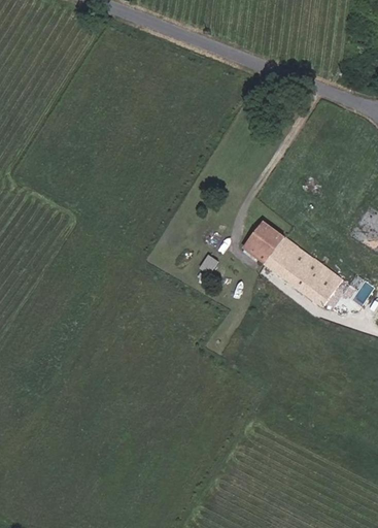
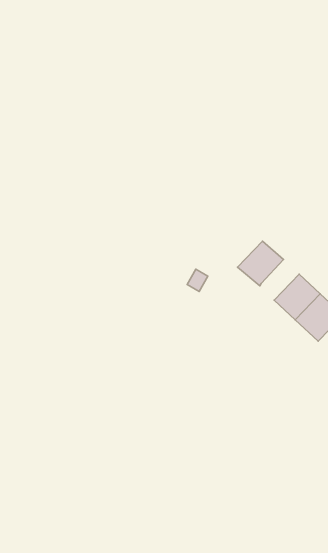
building: [264,236,298,273] -> none

